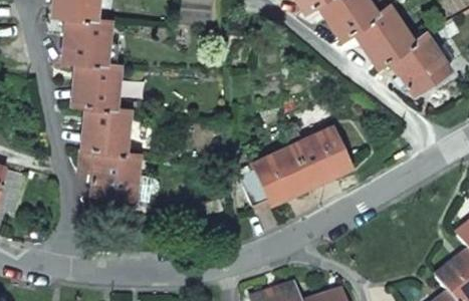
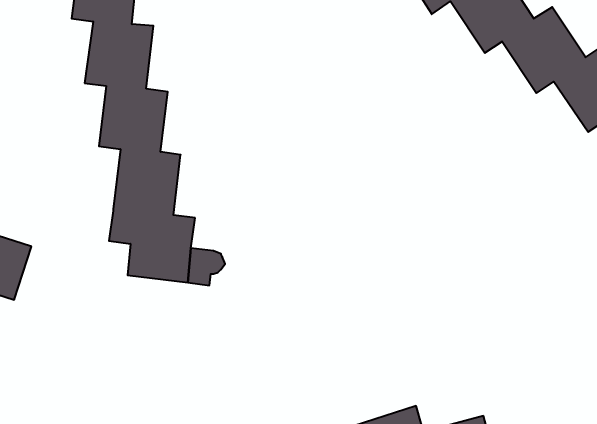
building: [241,127,351,206] -> none

